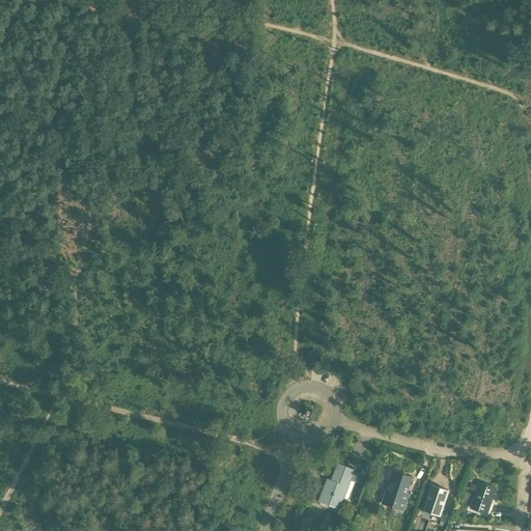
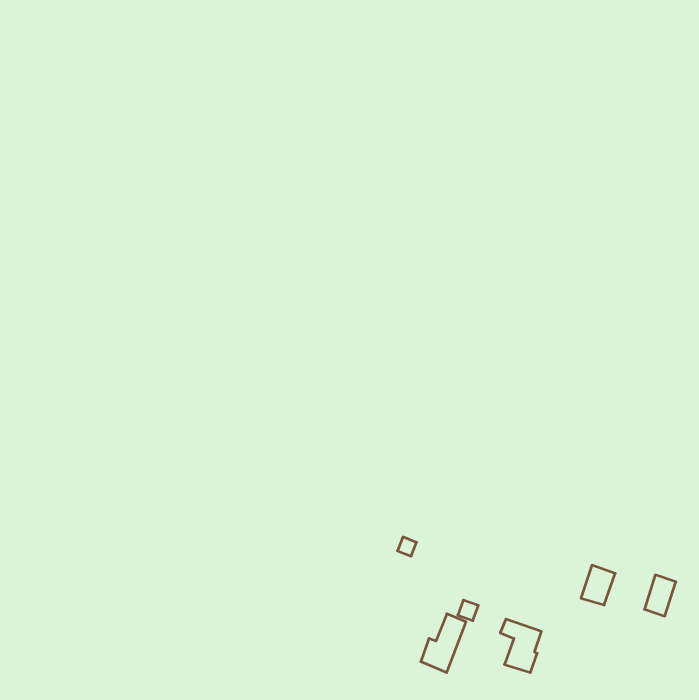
building: [471,482,495,513] -> [644,575,676,616]
building: [422,484,448,514] -> [581,565,615,605]

